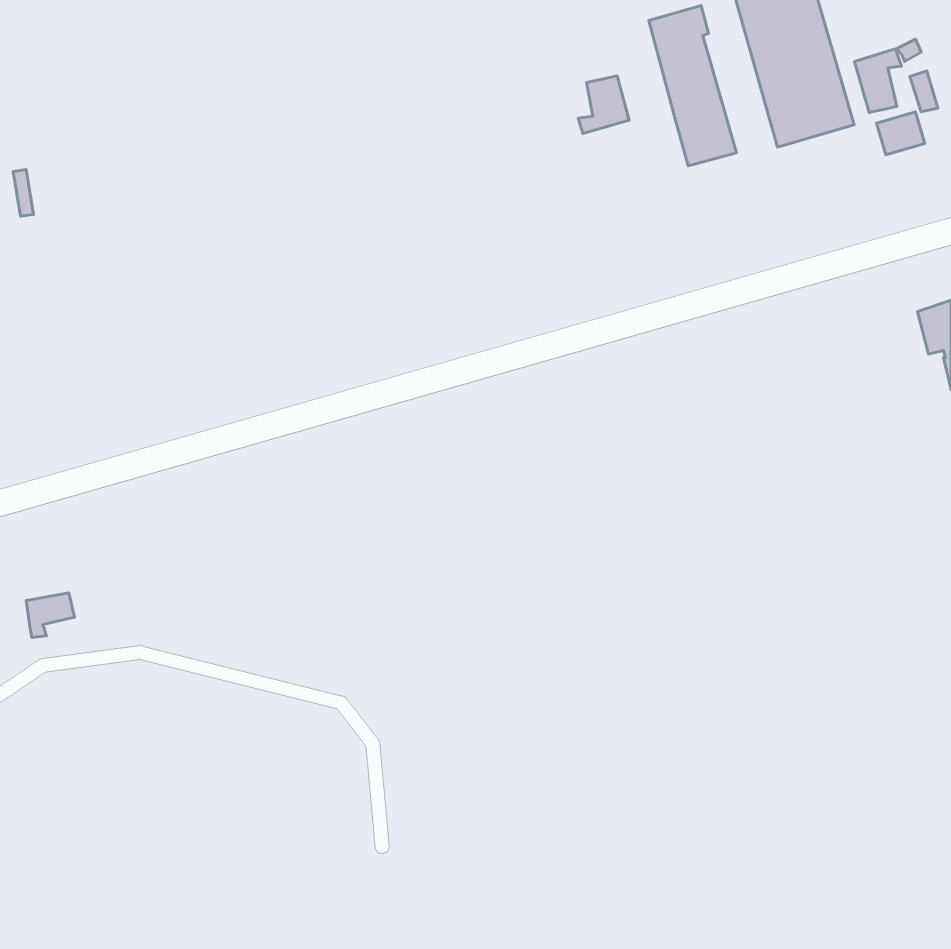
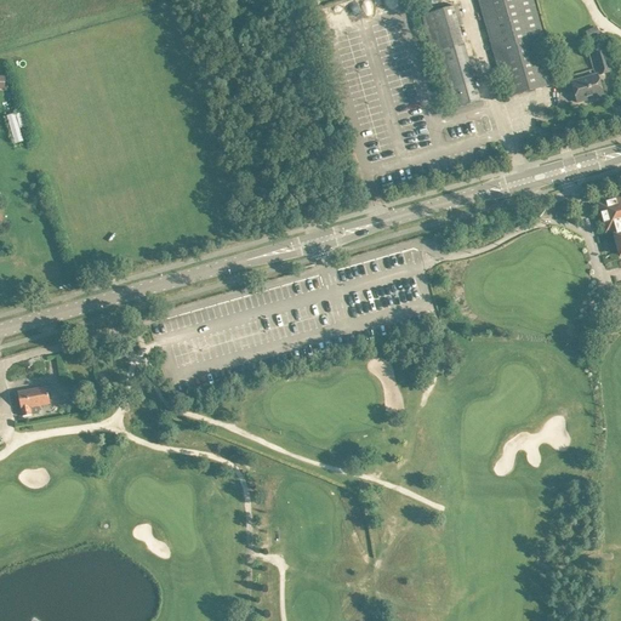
building: [854,49,901,113] -> none
building: [578,76,629,133] -> none

